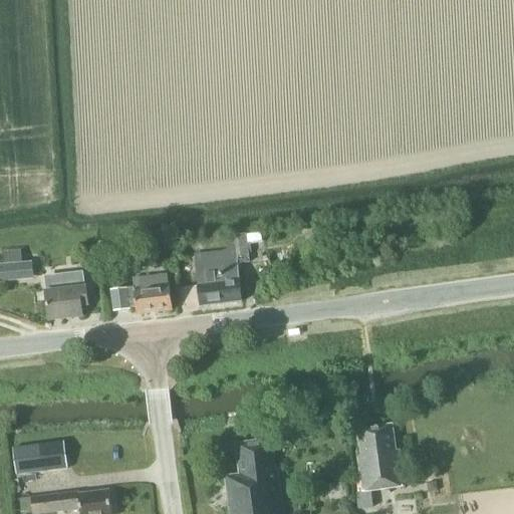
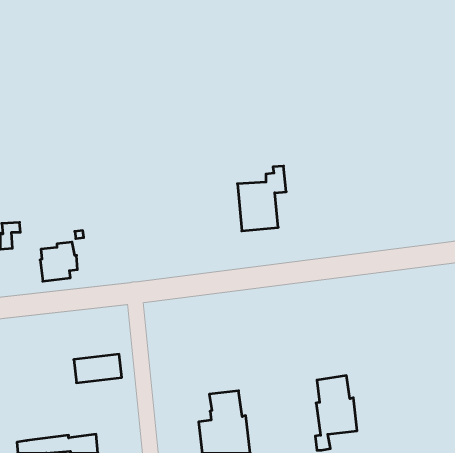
building: [194,233,249,306] -> [237,166,286,231]
building: [110,273,171,313] -> none
building: [12,442,66,474] -> [74,354,122,383]

